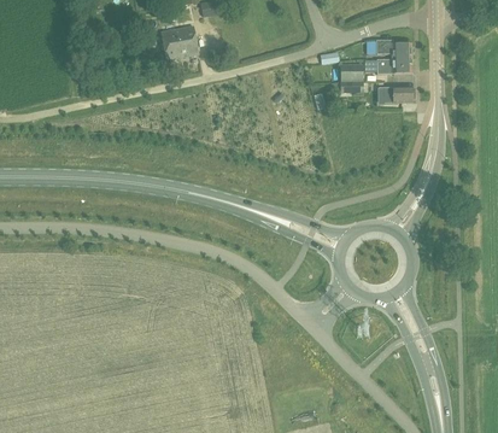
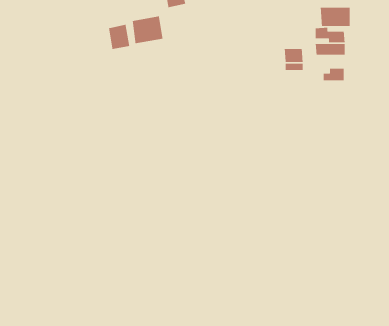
building: none -> [320,7,351,27]
building: none -> [108,24,130,50]

